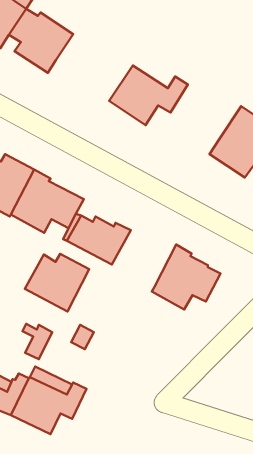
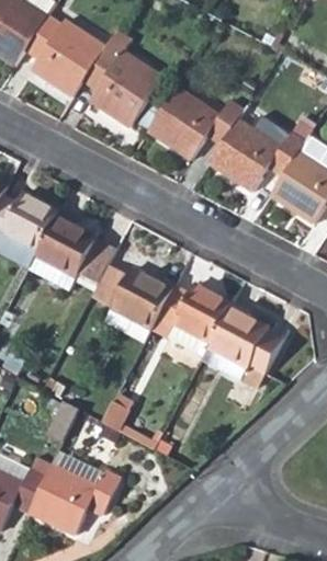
building: none -> [83,31,162,126]
building: none -> [210,106,311,191]
building: [25,254,89,312] -> [151,285,229,355]

